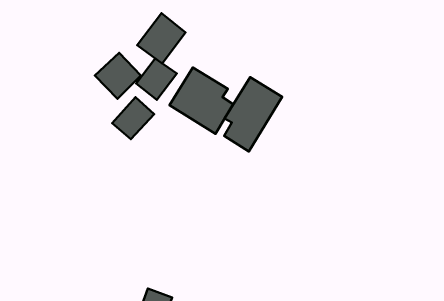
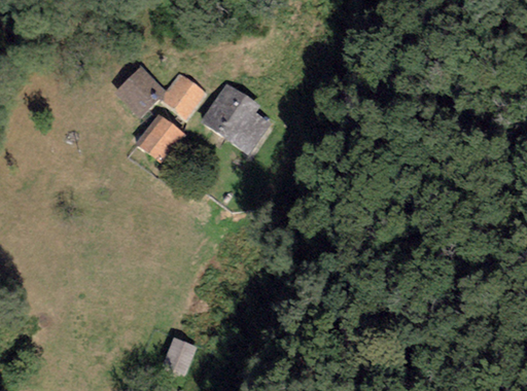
building: [137,13,186,63] -> none
building: [224,77,282,152] -> none

